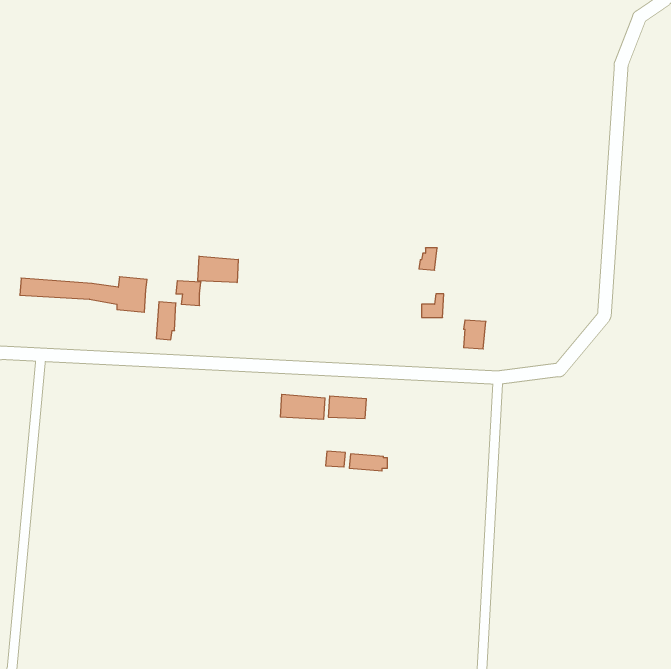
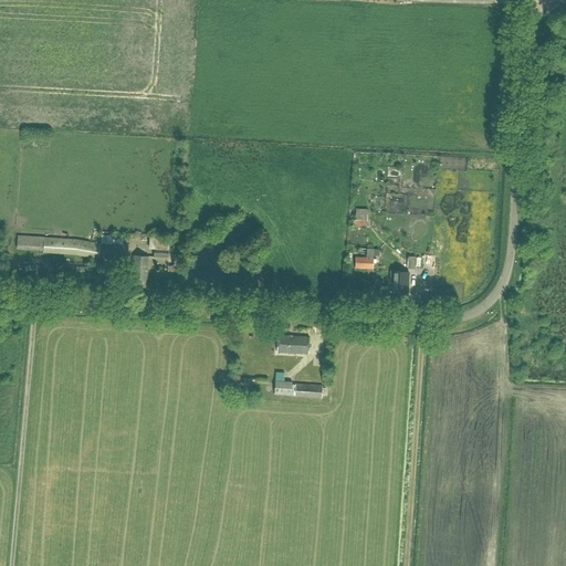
building: [198,256,238,283] -> none
building: [280,394,325,419] -> none

